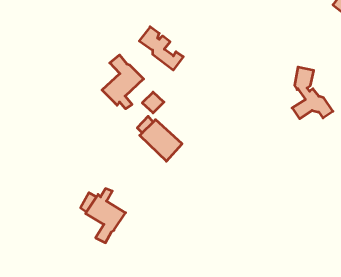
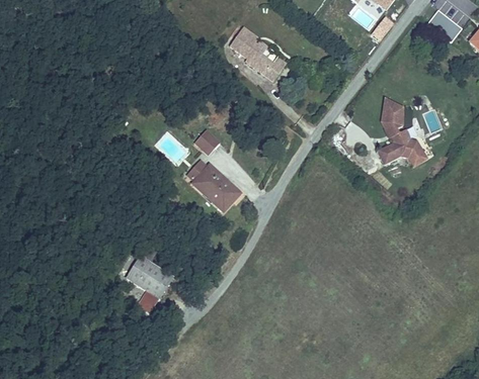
building: [139,27,183,70] -> [237,30,291,83]
building: [102,55,144,109] -> none

